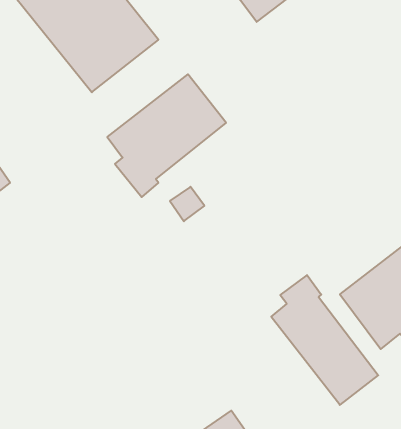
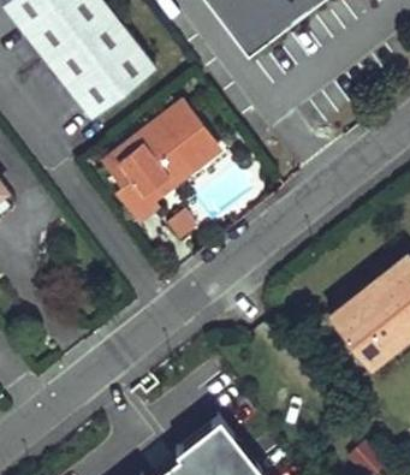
building: [271,275,378,405] -> none

